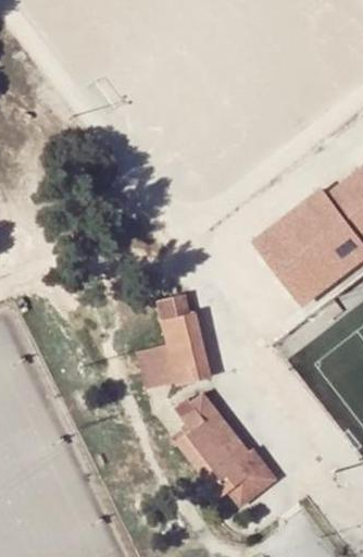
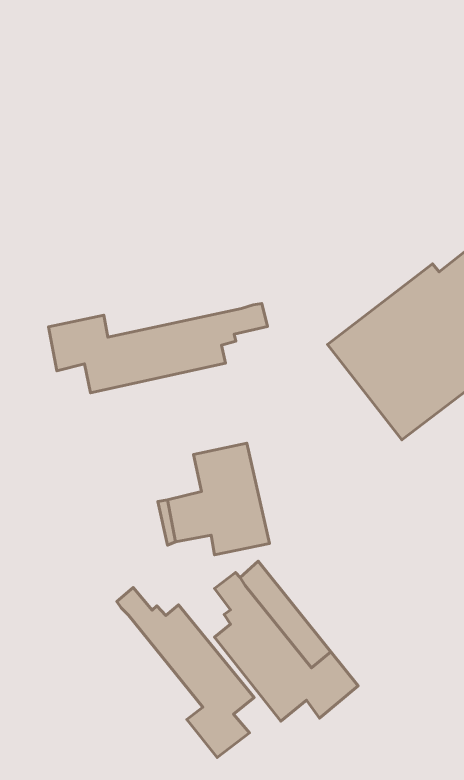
building: none -> [49,304,267,393]
building: none -> [117,588,254,758]

